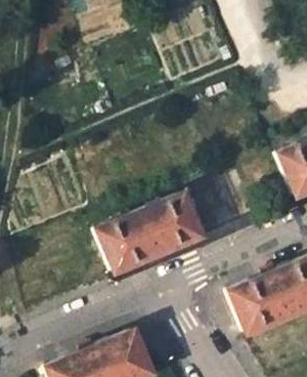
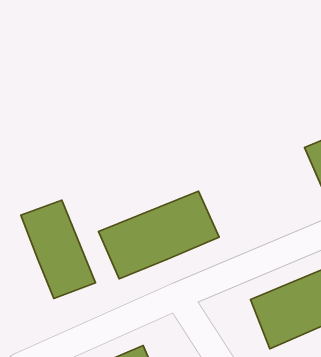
building: none -> [21,200,95,298]

